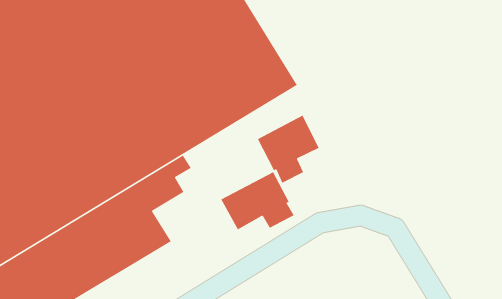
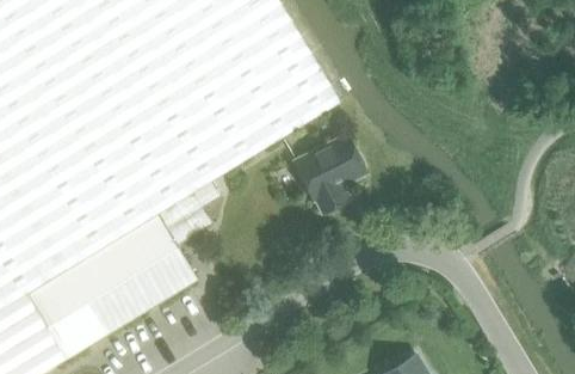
building: [220,171,295,230] -> none

